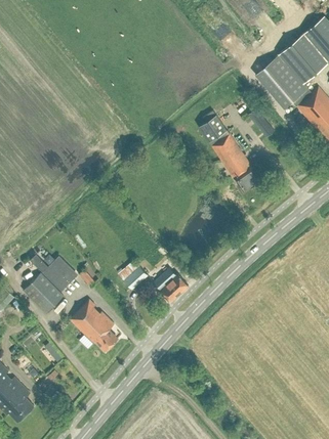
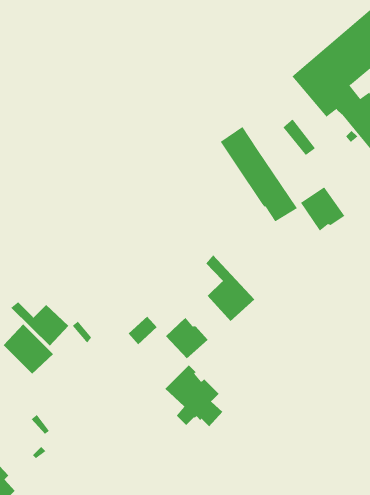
building: none -> [300,187,345,231]
building: none -> [205,255,255,322]
building: [70,300,117,350] -> [164,364,223,427]

